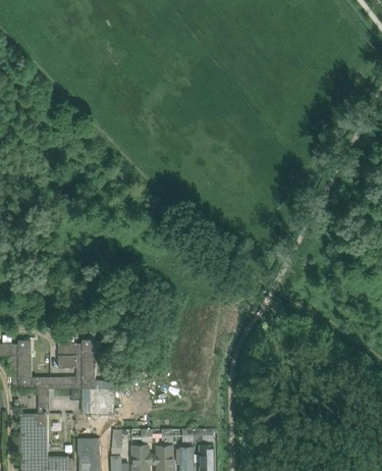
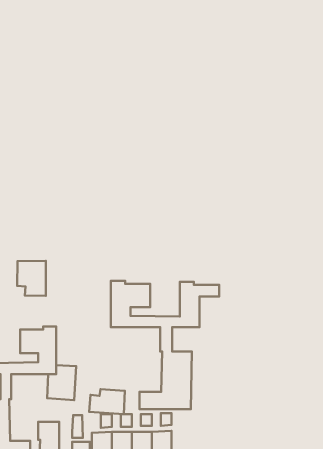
building: none -> [17,261,46,296]
building: none -> [111,281,219,409]
building: none -> [89,389,125,414]

